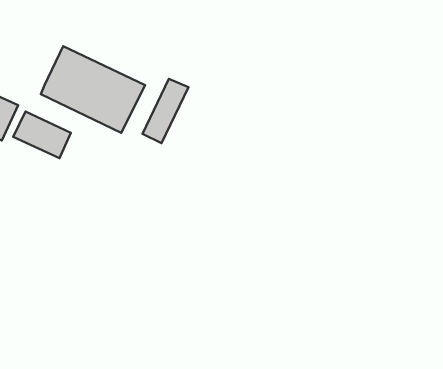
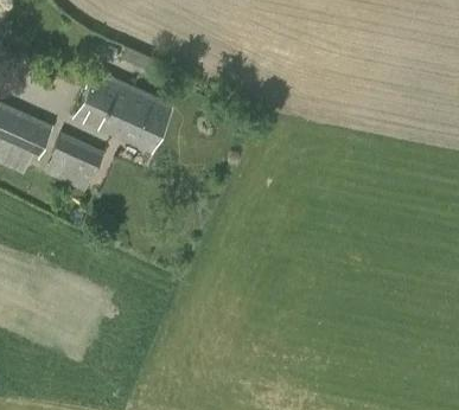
building: [143,79,188,143] -> none

